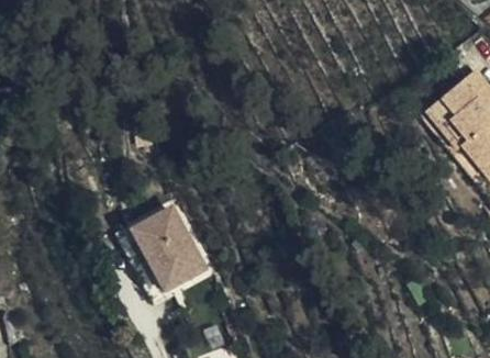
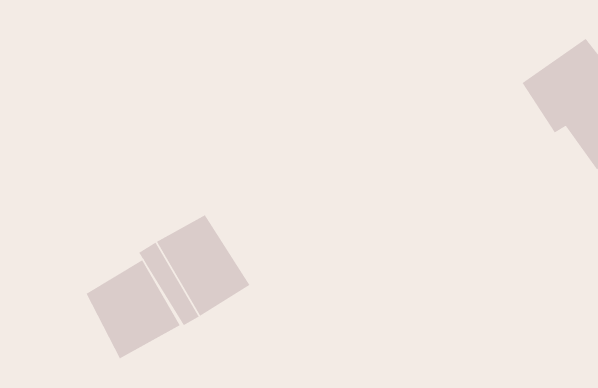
building: none -> [85,259,181,359]

